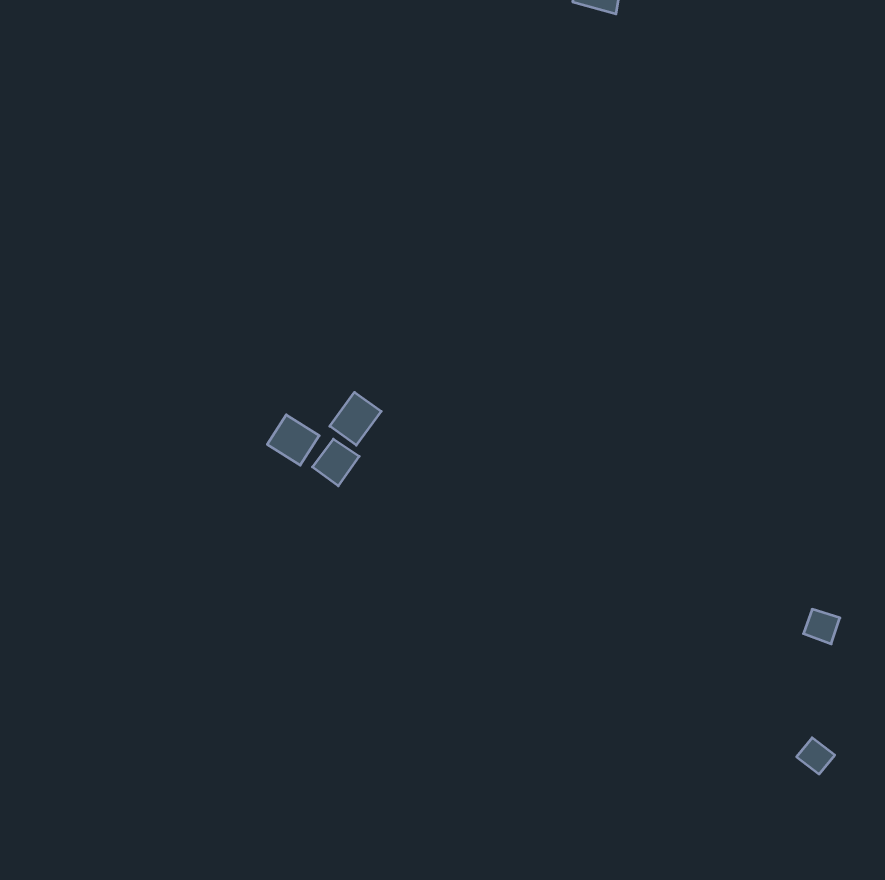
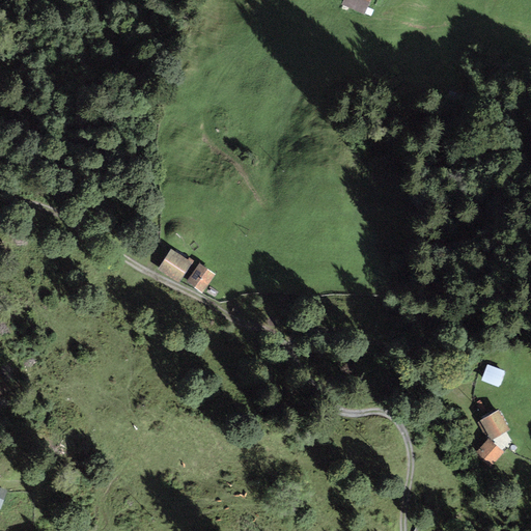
building: [330,392,381,445] -> none
building: none -> [478,411,506,438]

